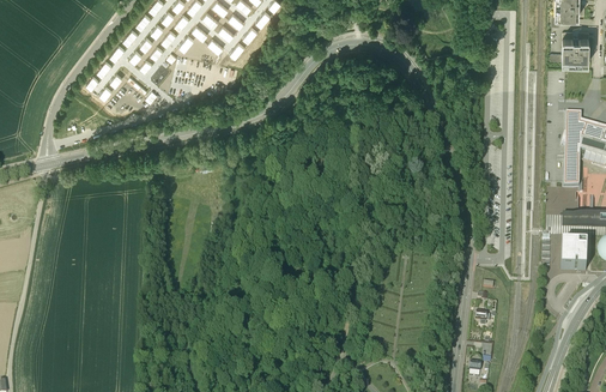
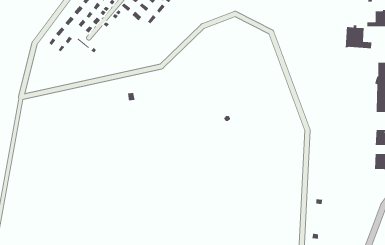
building: none -> [345,25,372,49]

